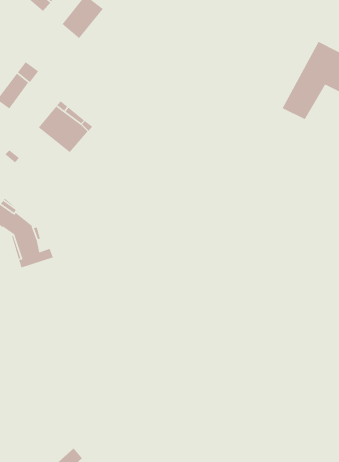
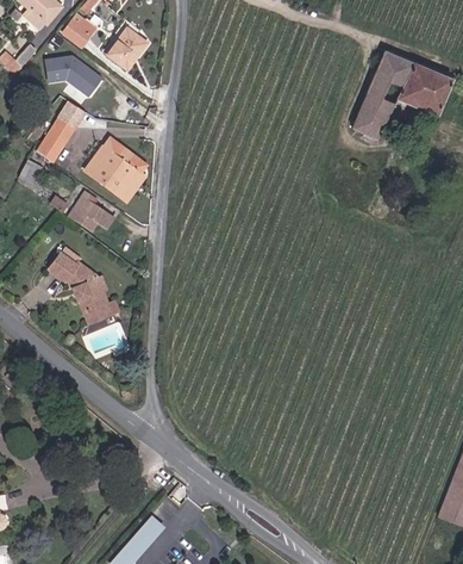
building: none -> [46,55,105,97]
building: none -> [73,193,117,233]

